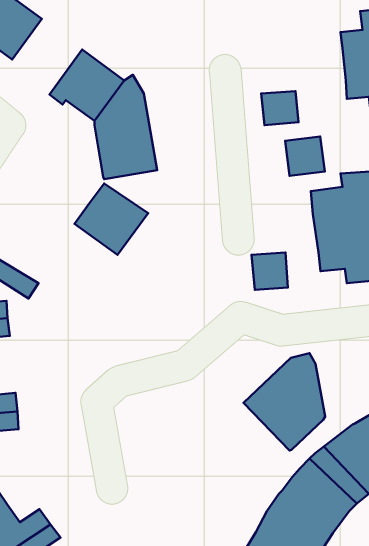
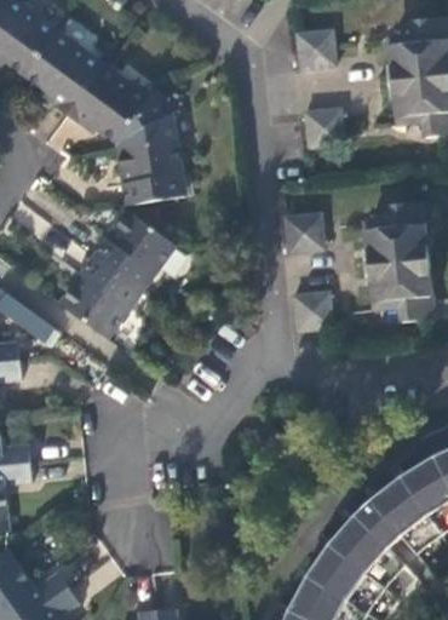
building: none -> [294,27,334,67]
building: none -> [27,28,104,111]
building: [285,137,325,176] -> [281,206,324,249]
building: none -> [61,254,143,337]
building: [244,353,325,451] -> none

